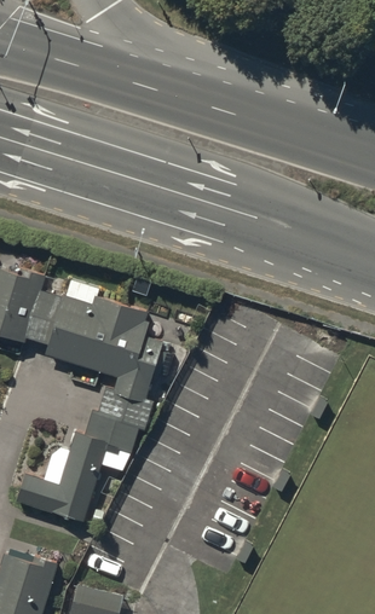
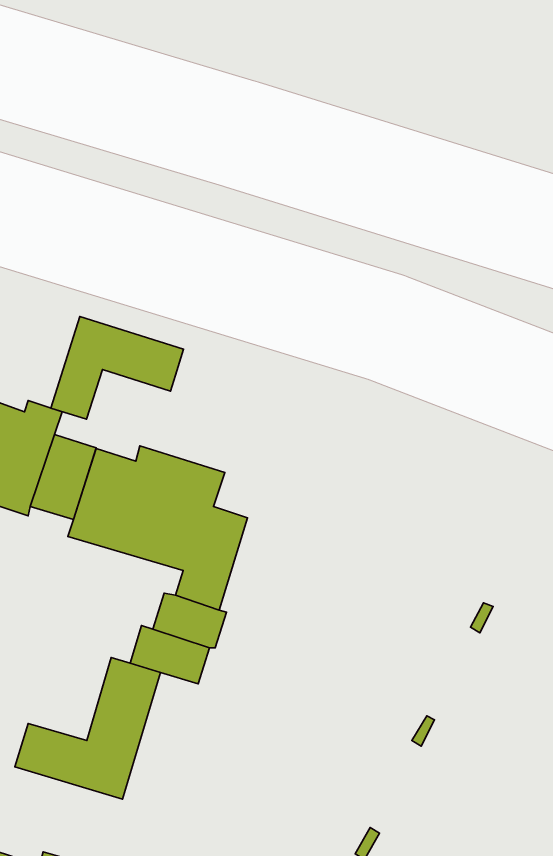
building: none -> [51,316,183,419]

